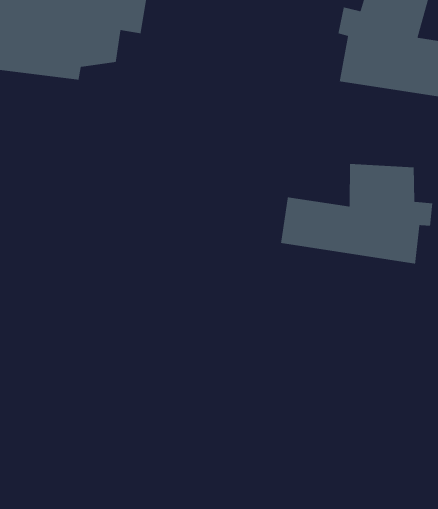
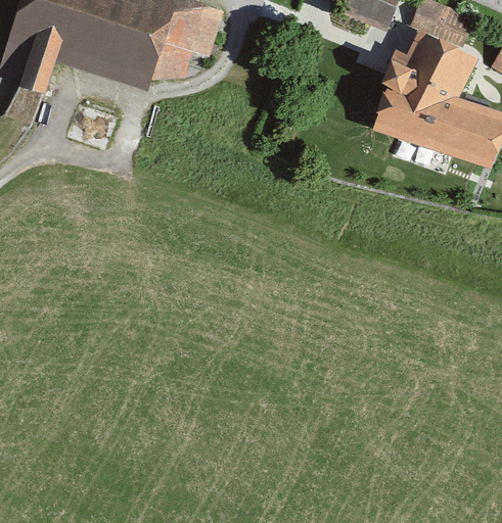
building: [280,163,433,265] -> none

